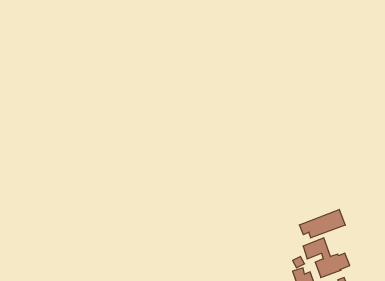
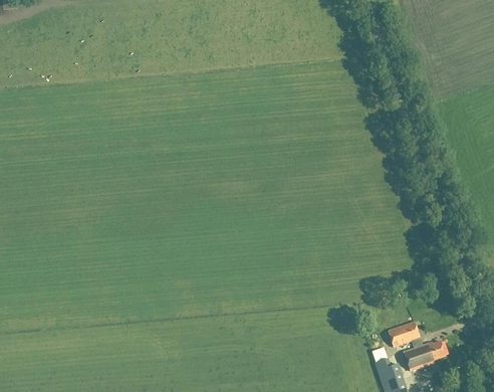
building: [299,209,345,238] -> none

